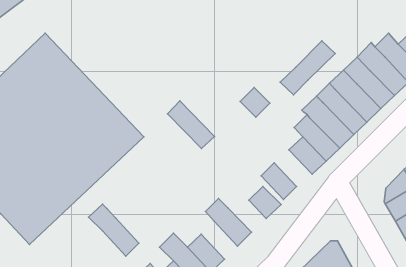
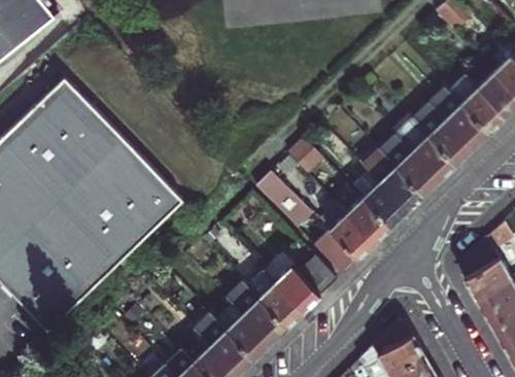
building: [280,41,335,95] -> none
building: [168,101,214,149] -> [259,172,314,229]
building: none -> [321,205,376,261]
building: none -> [276,267,321,312]
building: [89,204,139,256] -> [228,282,287,344]

